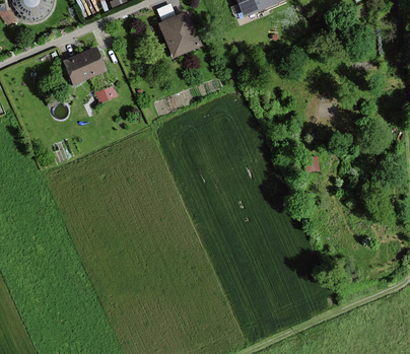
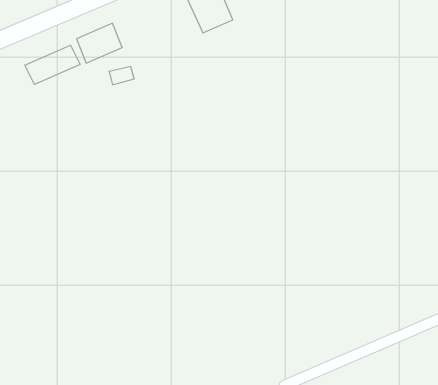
building: none -> [25,45,80,84]

